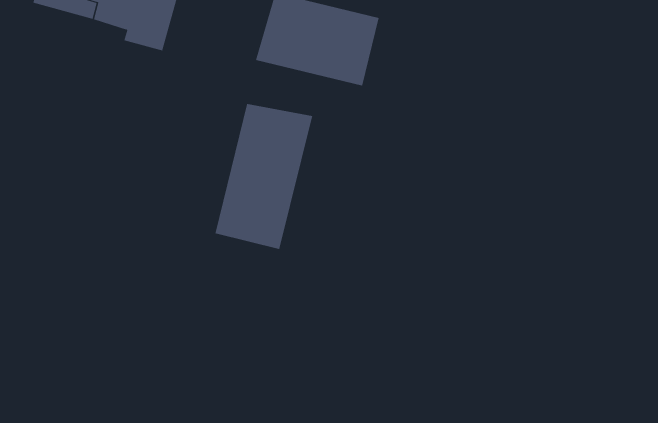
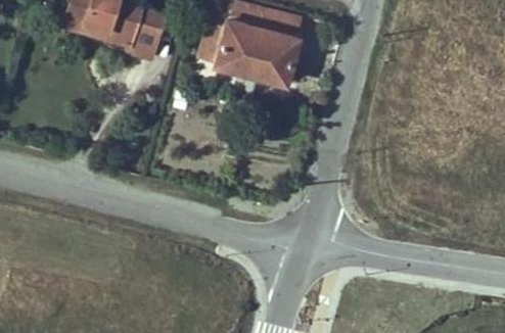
building: [215,103,313,250] -> none

